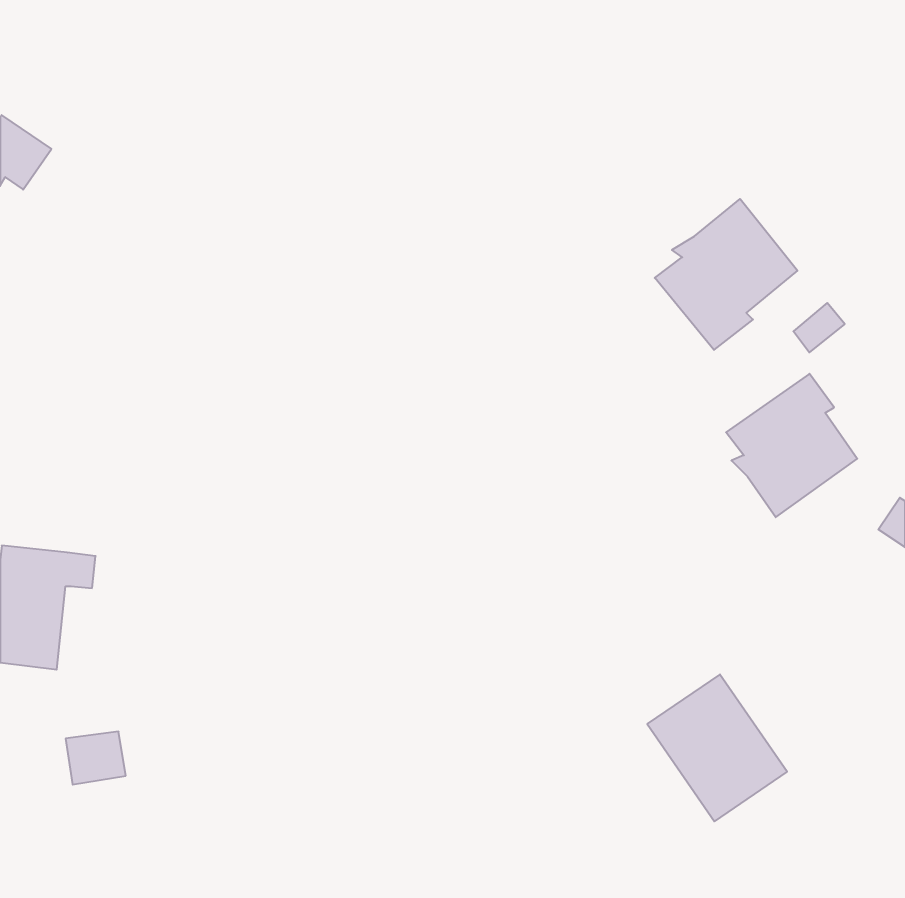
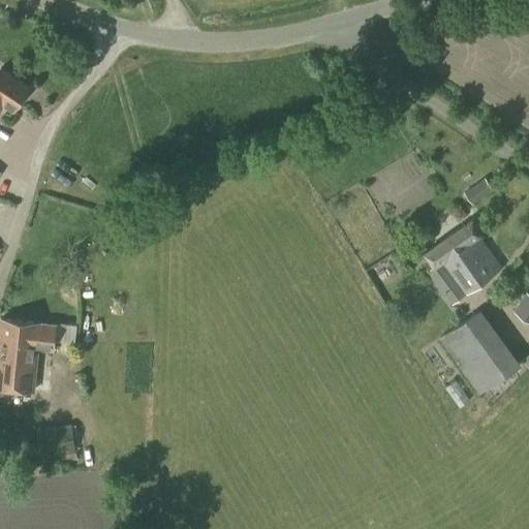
building: [655,199,797,350] -> none
building: [647,674,787,821] -> [440,305,522,391]

